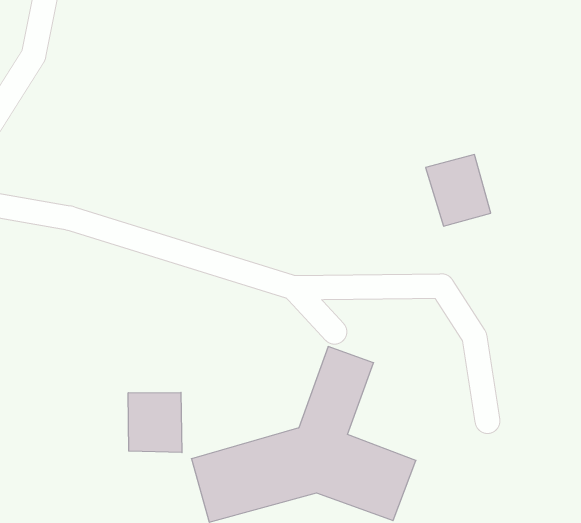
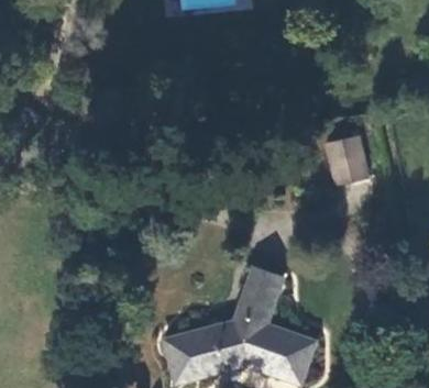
building: [128,392,182,453] -> none

